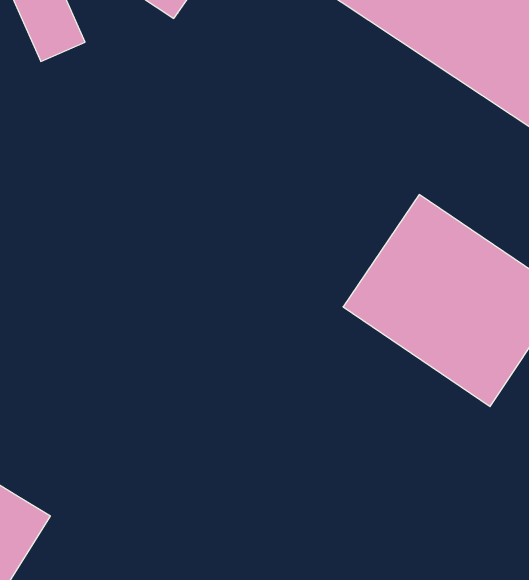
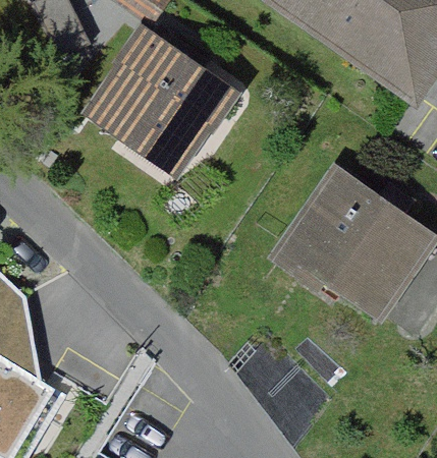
building: none -> [80,25,238,178]

